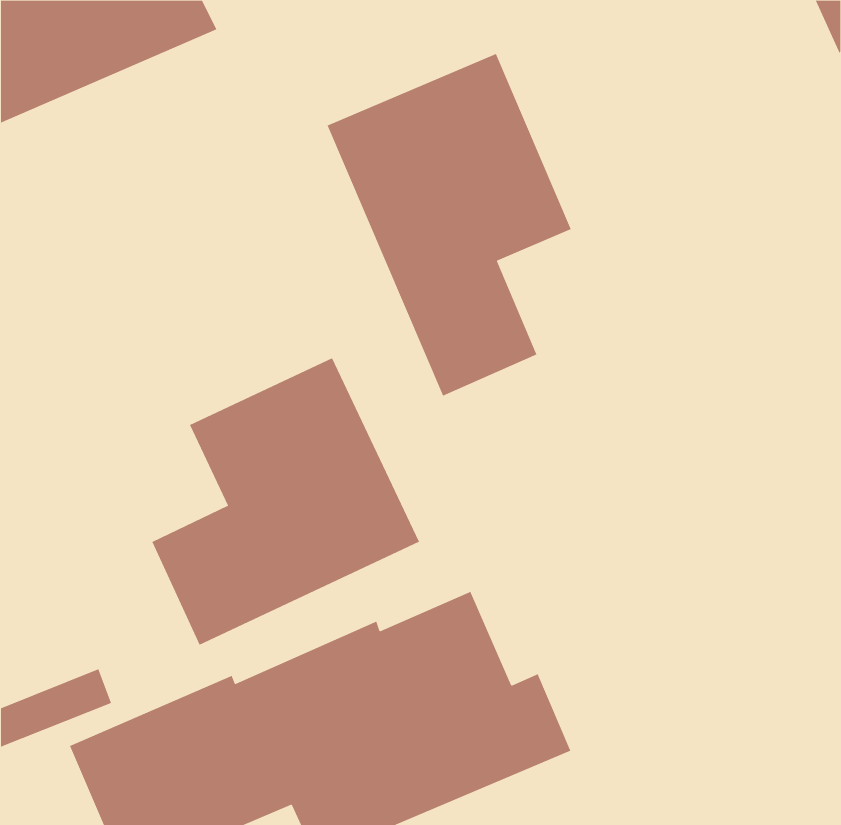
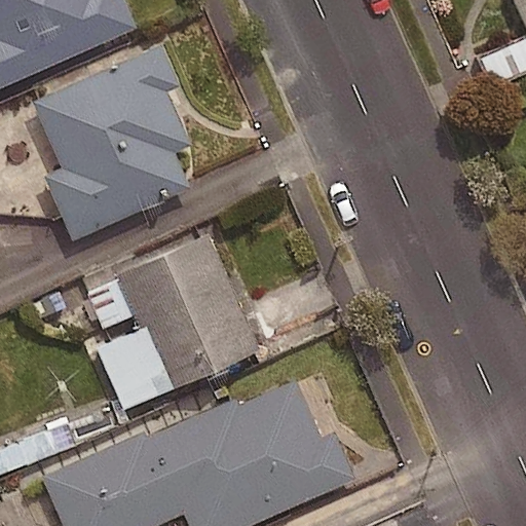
building: none -> [30,41,191,240]
building: [327,53,571,396] -> none

